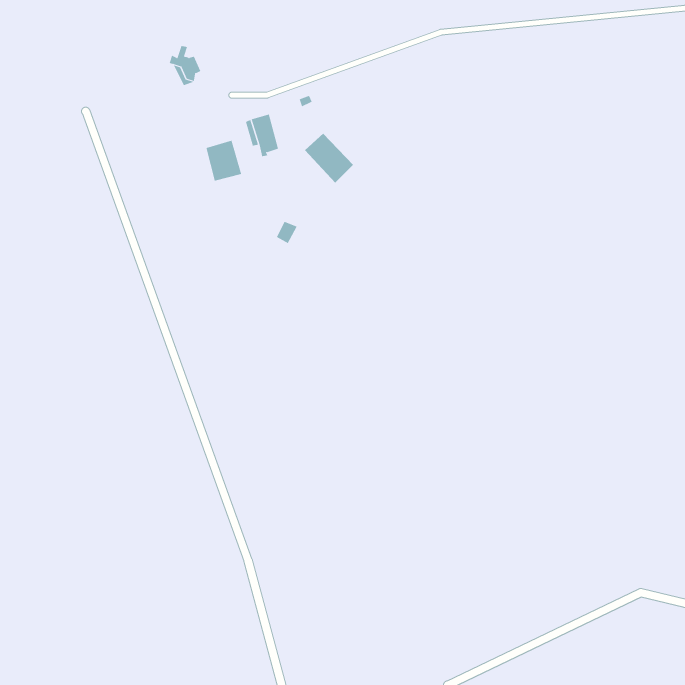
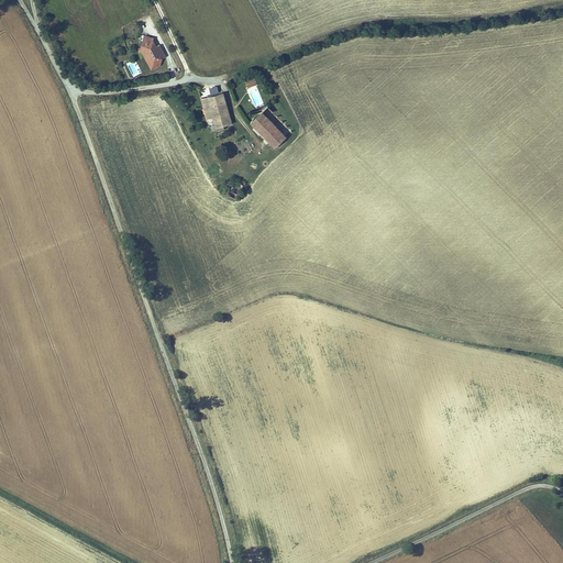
building: [206,140,242,181] -> none

